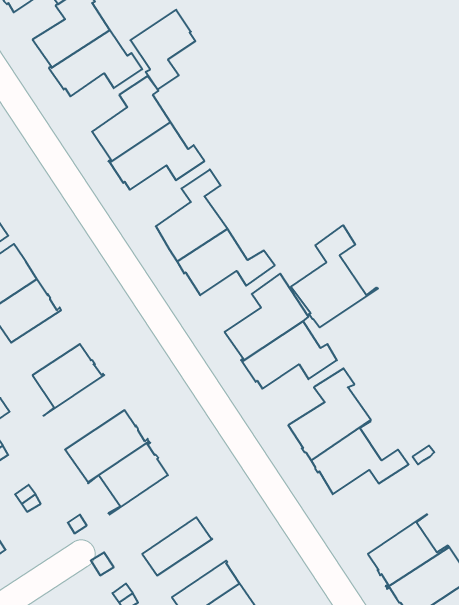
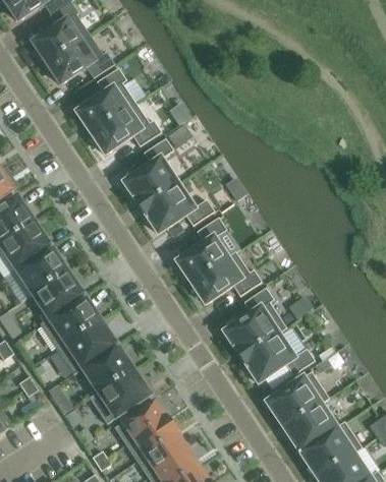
building: [130,10,195,90] -> none
building: [291,225,378,327] -> none
building: none -> [15,244,67,293]
building: none -> [40,293,101,349]
building: none -> [90,368,151,423]
building: none -> [267,372,328,427]
building: none -> [125,416,177,460]

